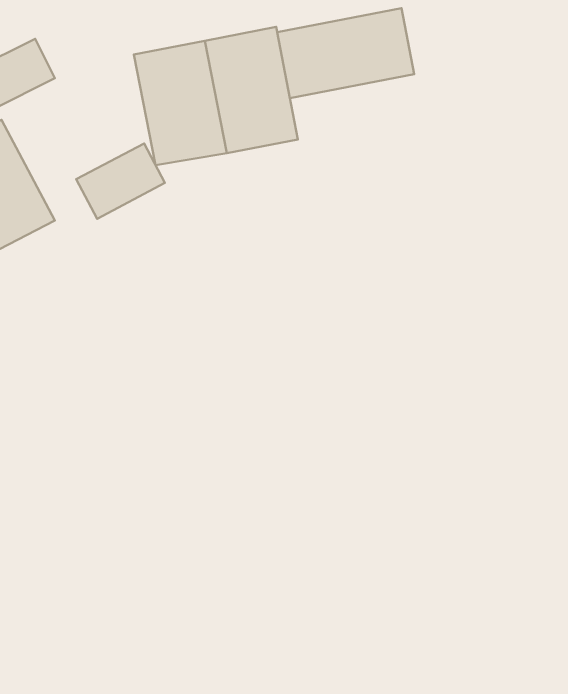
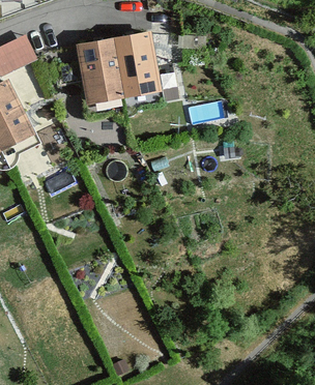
building: [277,8,414,98] -> none
building: [76,143,165,219] -> none

